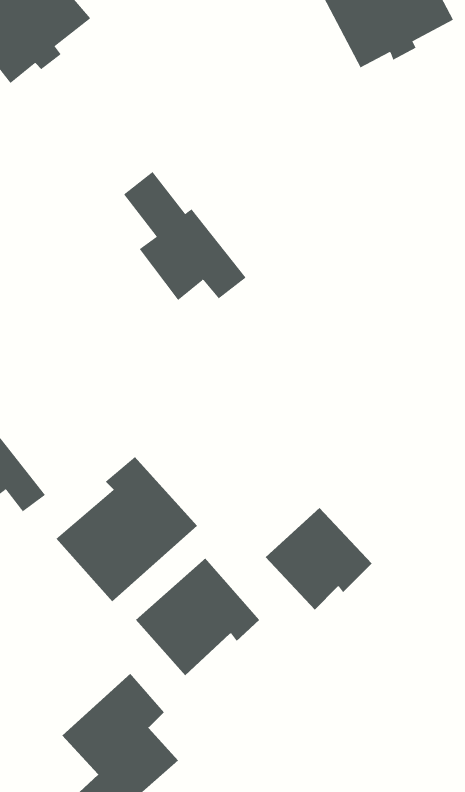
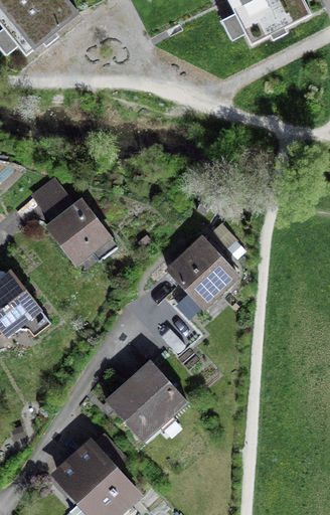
building: [123,171,247,301] -> [37,177,117,261]
building: [55,456,198,602] -> none
building: [265,507,373,610] -> [167,237,236,304]

